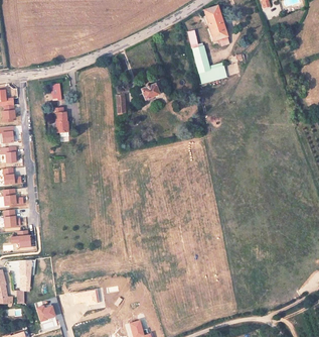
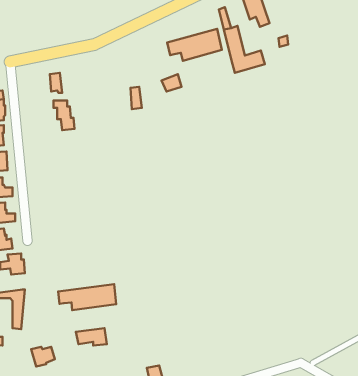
building: none -> [167,29,222,61]
building: none -> [58,284,116,310]

